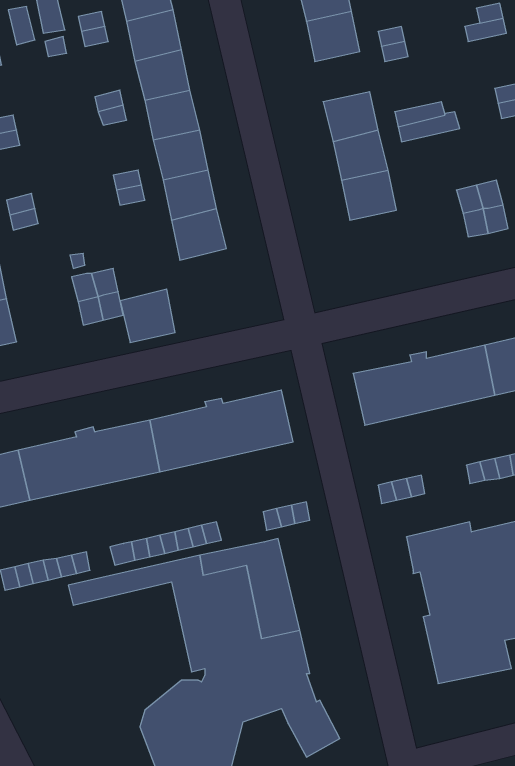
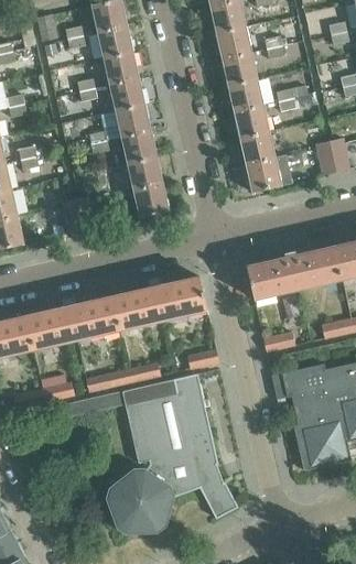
building: none -> [220,52,257,85]
building: none -> [244,156,281,192]
building: [120,289,175,343] -> [131,182,168,217]

